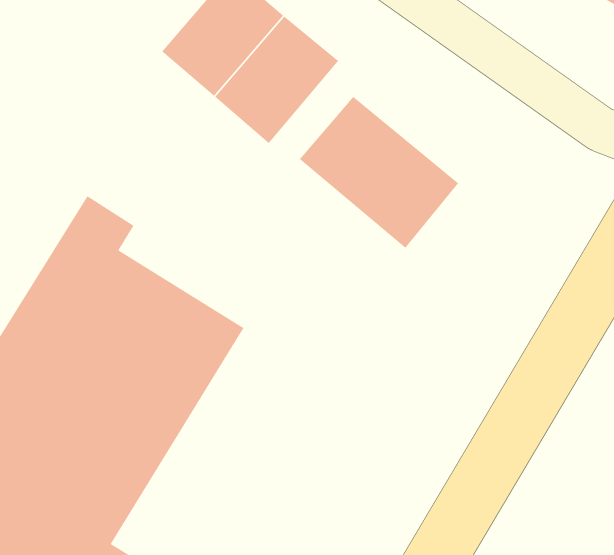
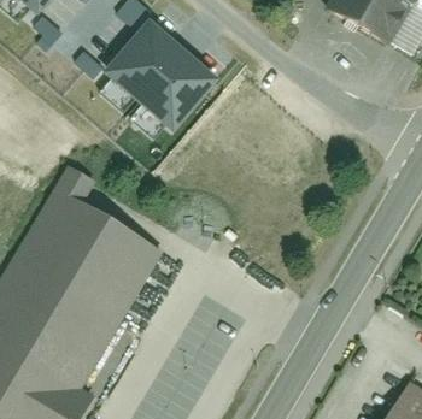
building: [299,96,459,249] -> none

